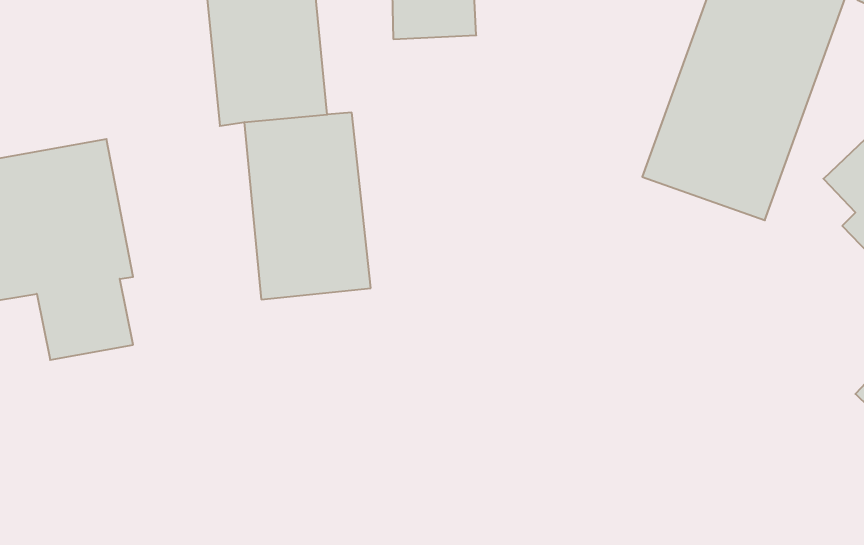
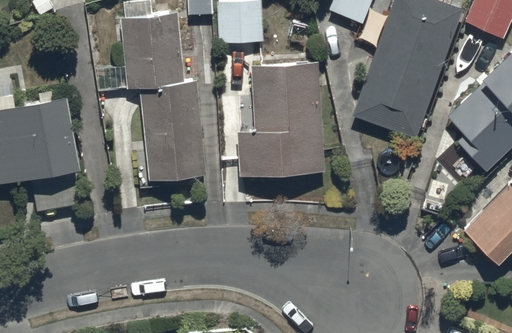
building: none -> [236,60,326,175]

